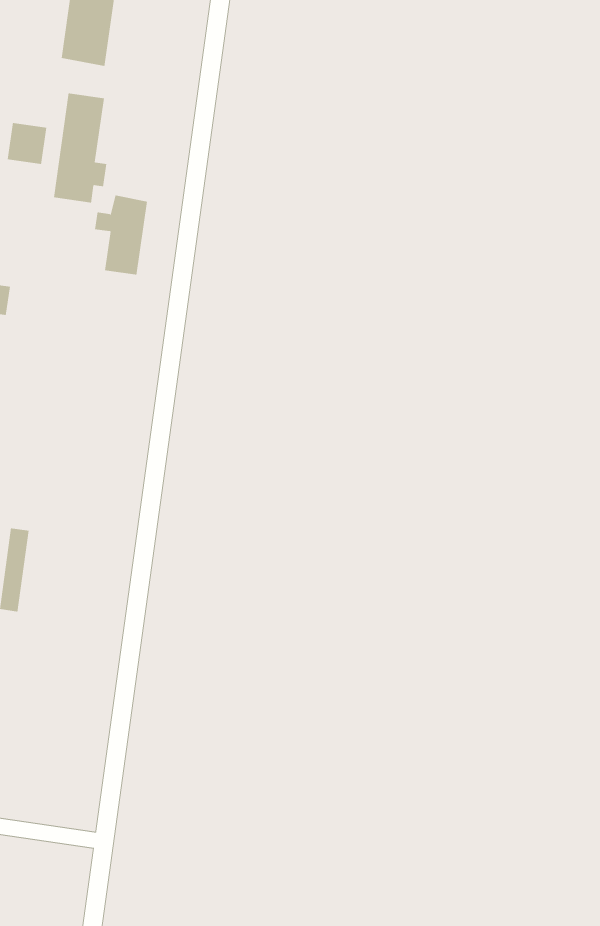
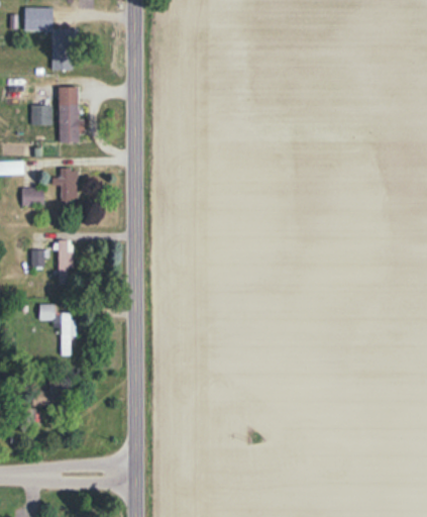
building: [94,195,148,275] -> [52,167,78,206]
building: none -> [58,240,72,284]

